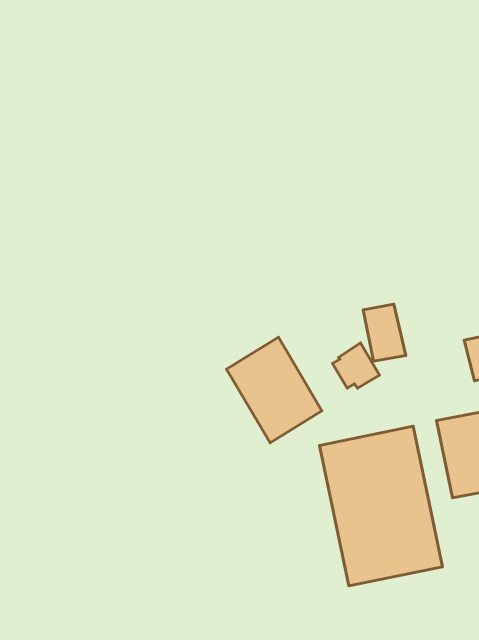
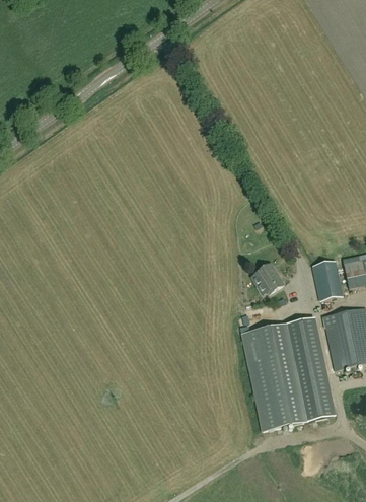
building: [363,304,406,361] -> [313,260,343,299]
building: [227,337,322,443] -> none

